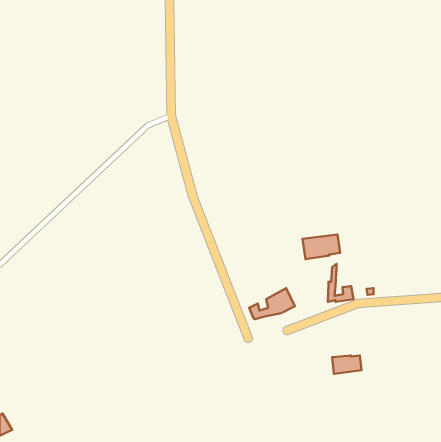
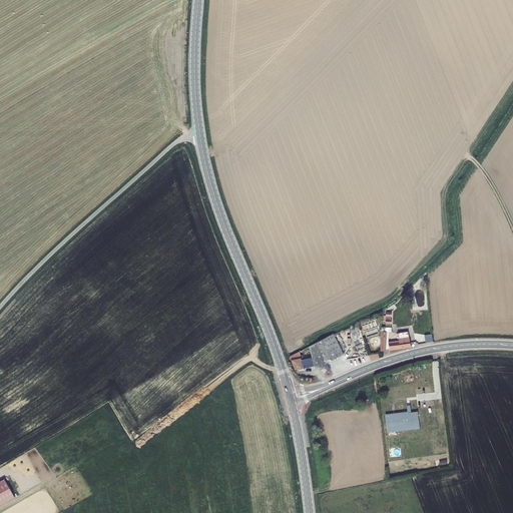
building: [303,234,340,259] -> none

